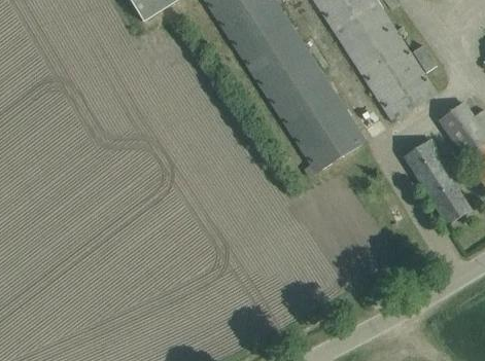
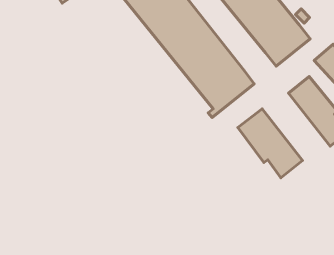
building: none -> [238,109,303,178]

